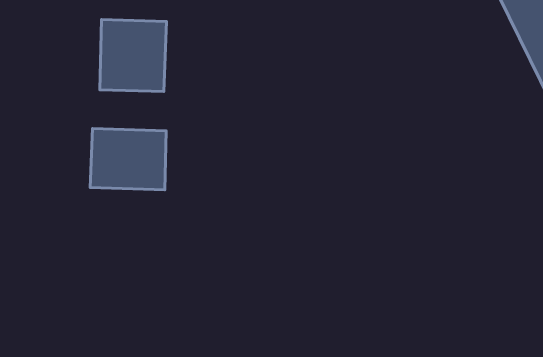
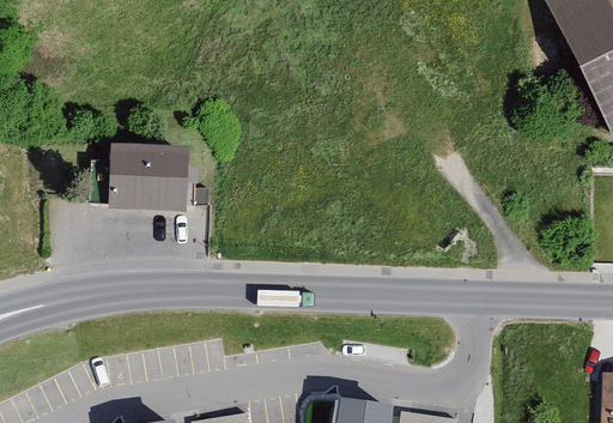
building: [100,20,166,92] -> none

